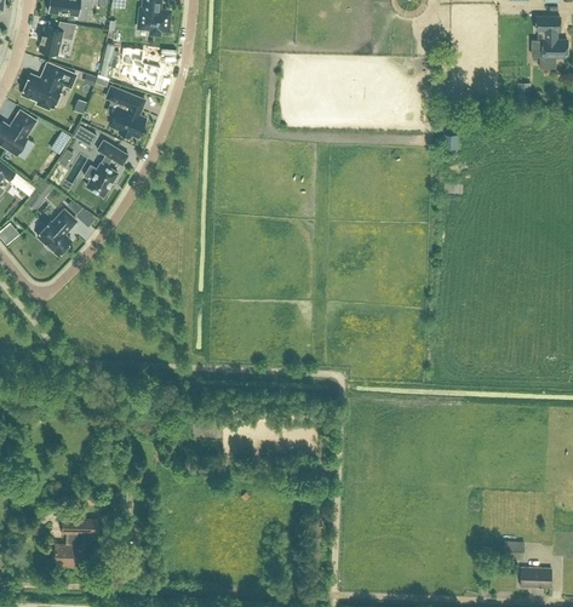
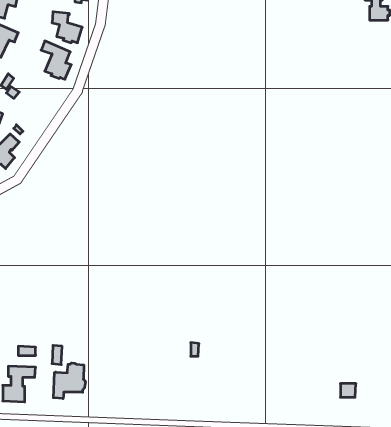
building: [86,141,127,196] -> none
building: none -> [53,363,85,399]
building: [520,567,550,588] -> none

